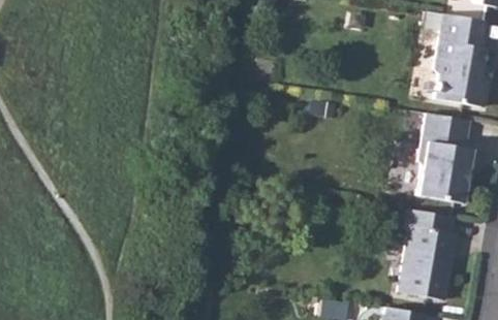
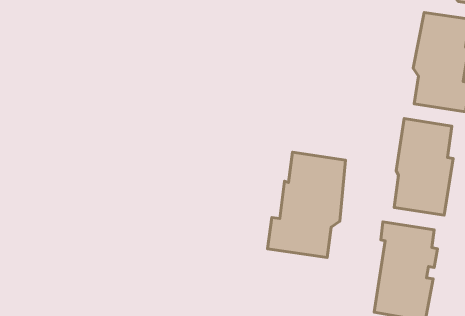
building: none -> [268,152,345,257]

